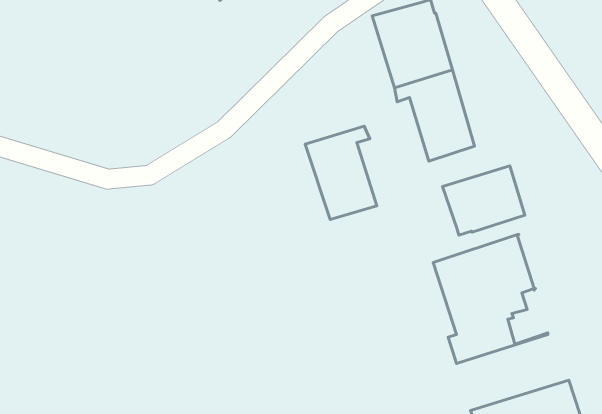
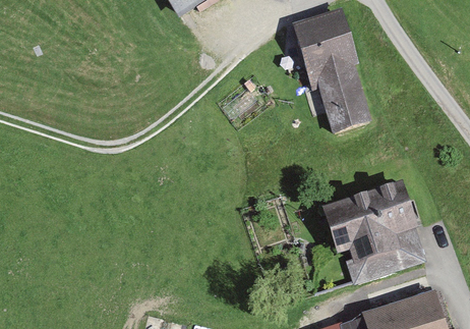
building: [305,126,377,219] -> none
building: [442,166,525,235] -> none

